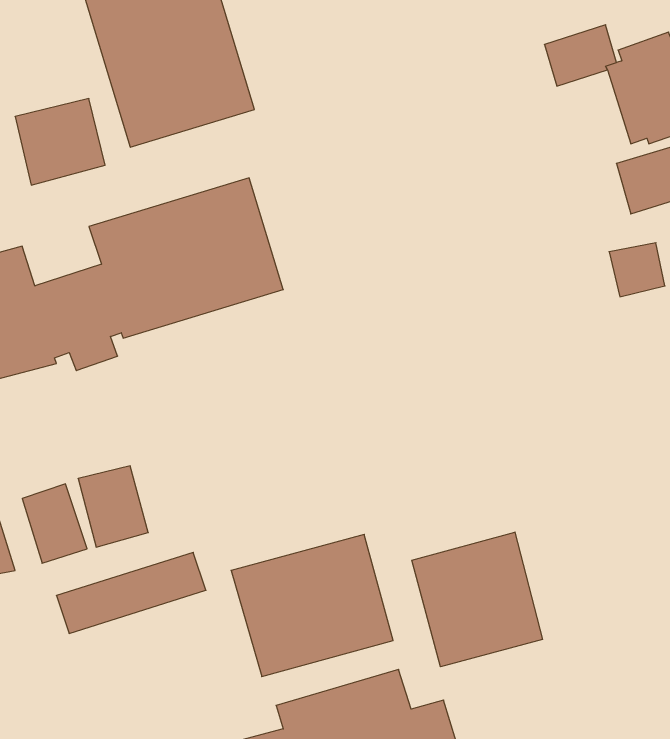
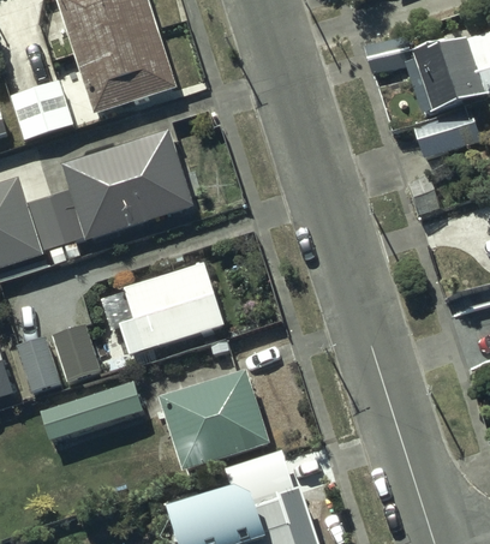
building: none -> [120,263,226,357]
building: [412,532,543,667] -> none

